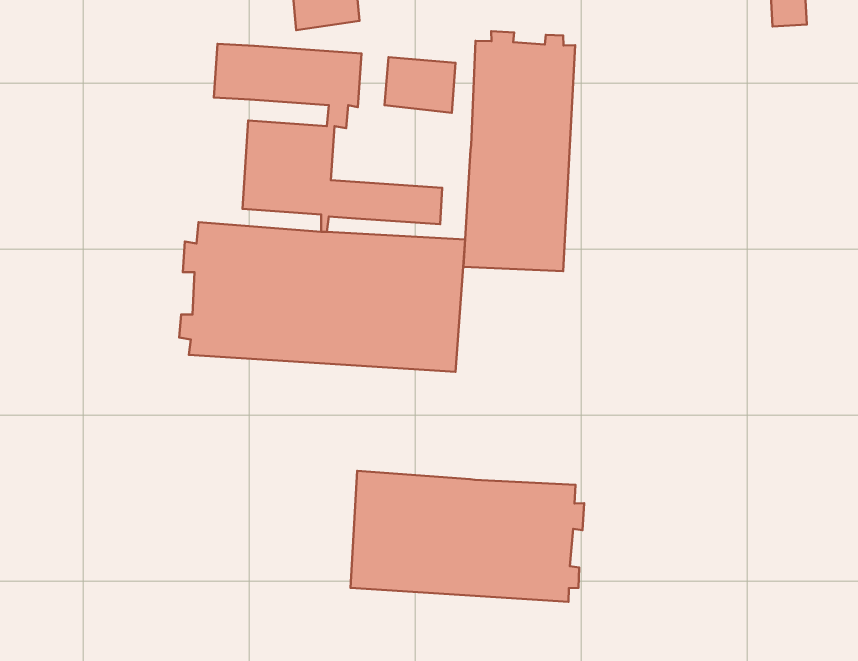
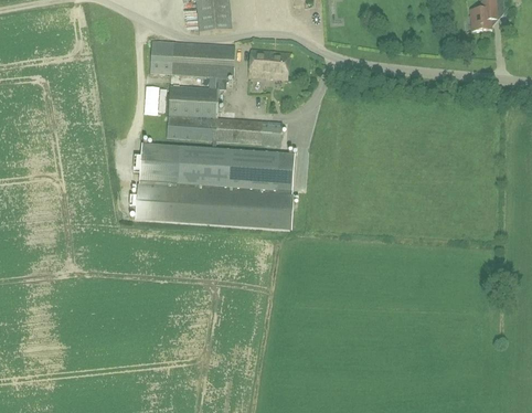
building: [464,31,575,271] -> none
building: [350,471,584,602] -> none

